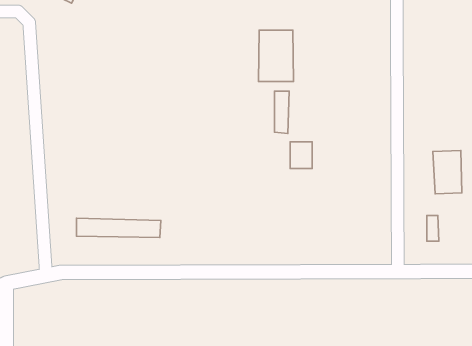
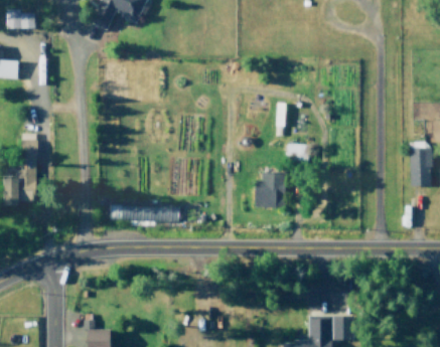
building: [258,30,294,82] -> none
building: none -> [253,172,285,208]

